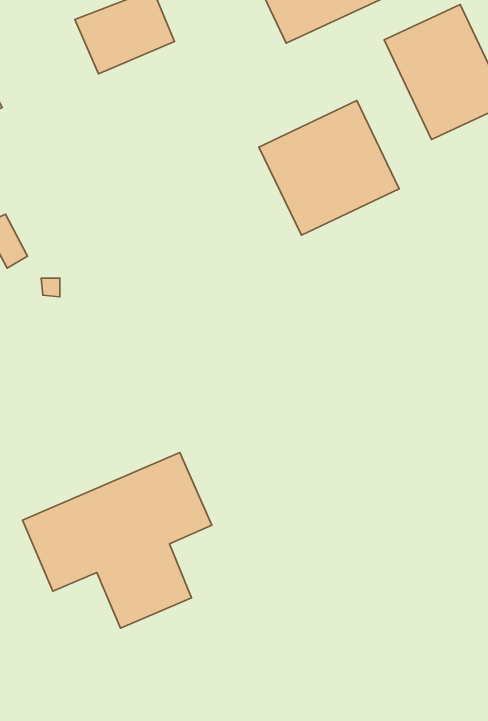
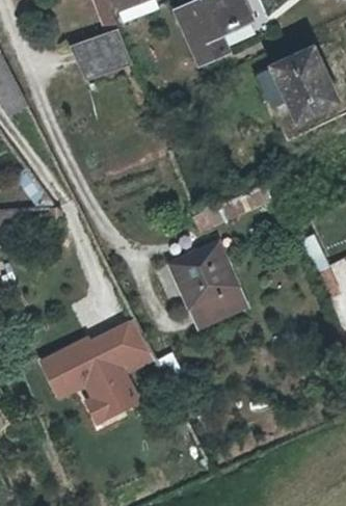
building: [259,101,399,235] -> none
building: none -> [167,239,249,331]

